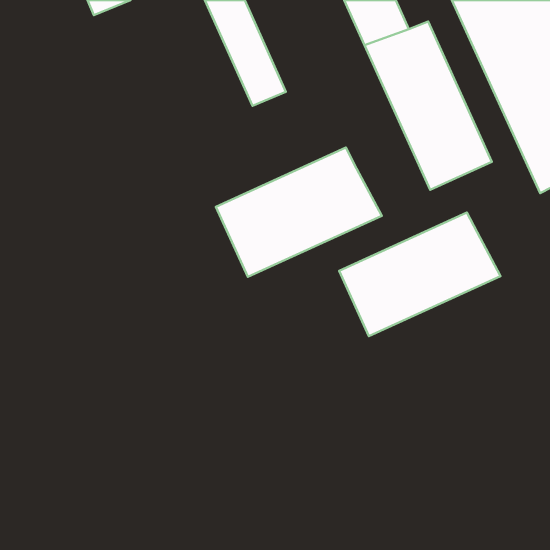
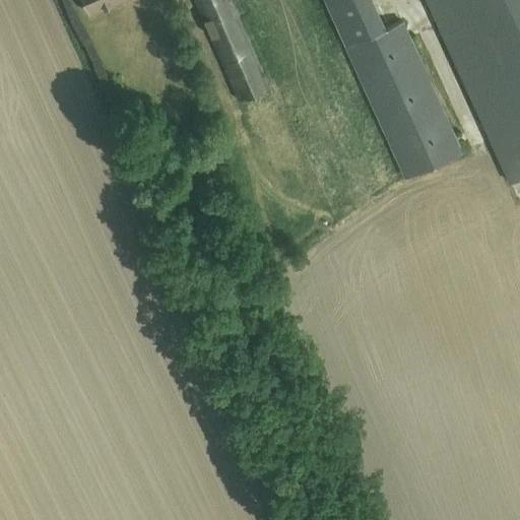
building: [216,147,382,277] -> none
building: [339,212,501,336] -> none

